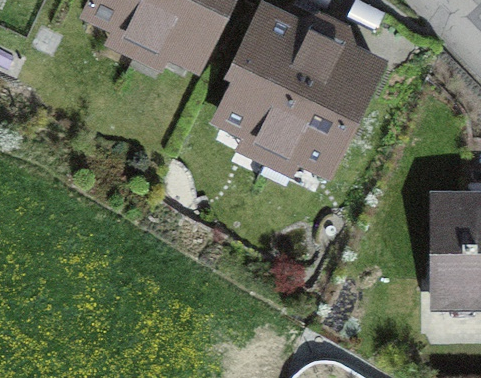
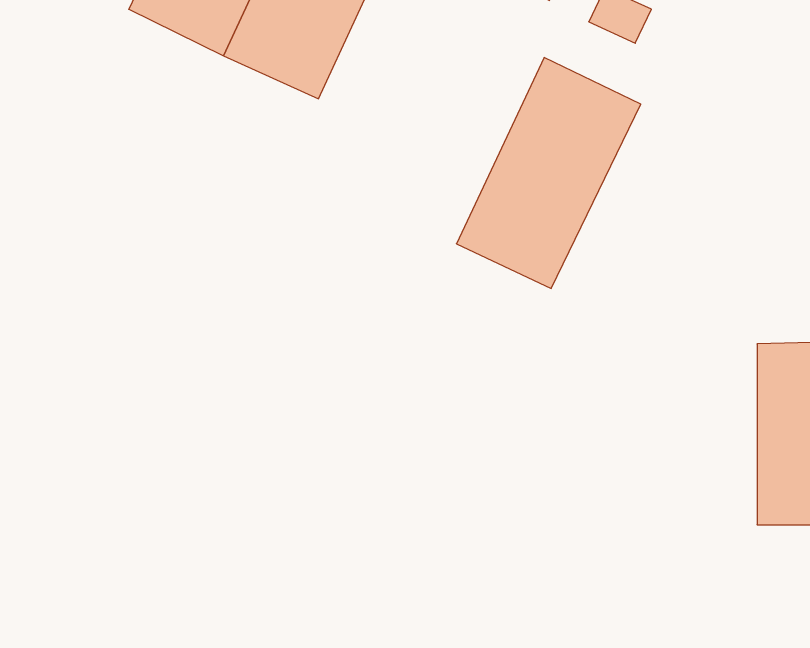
building: [223,11,324,142] -> none

